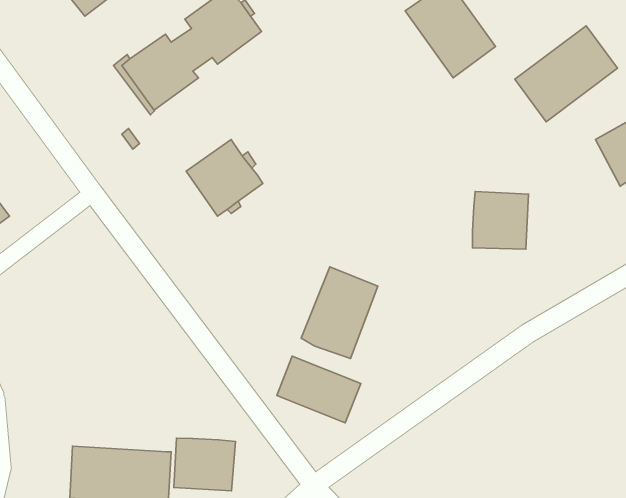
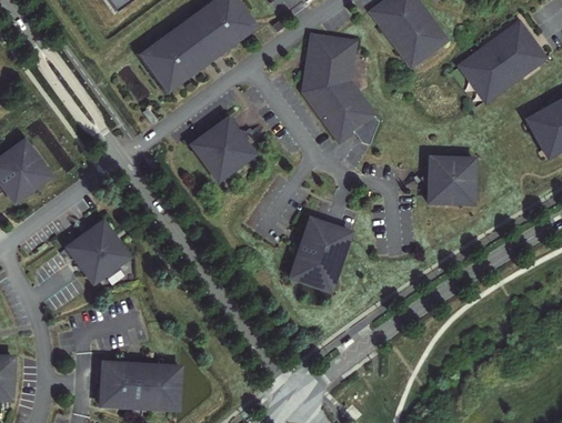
building: none -> [304,34,379,145]
building: none -> [67,221,129,285]
building: [277,356,361,423] -> none
building: [174,438,236,491] -> none

